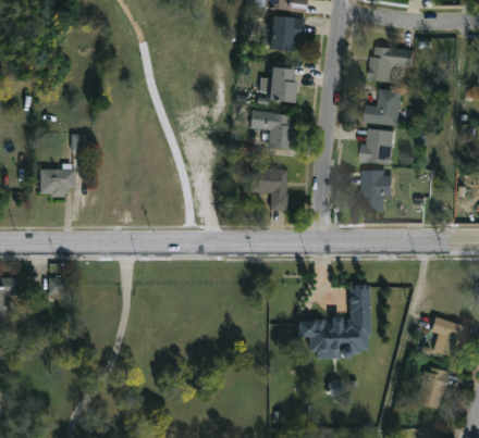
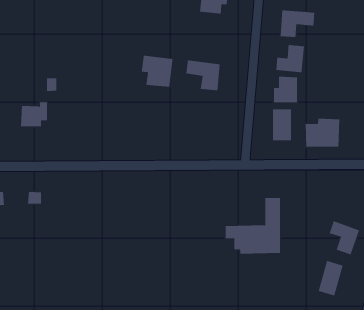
building: [261,67,297,102] -> none
building: none -> [141,55,173,87]
building: [250,168,287,211] -> none
building: none -> [305,118,340,147]

